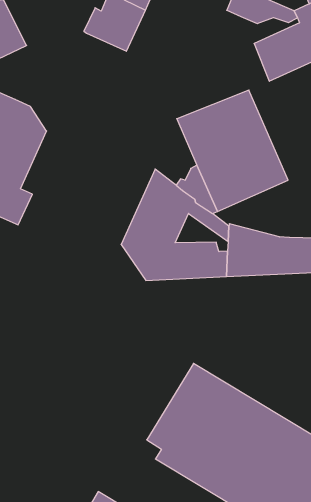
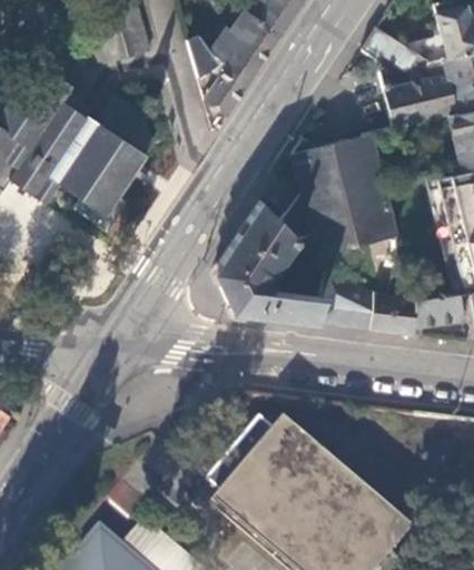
building: none -> [188,33,253,114]

